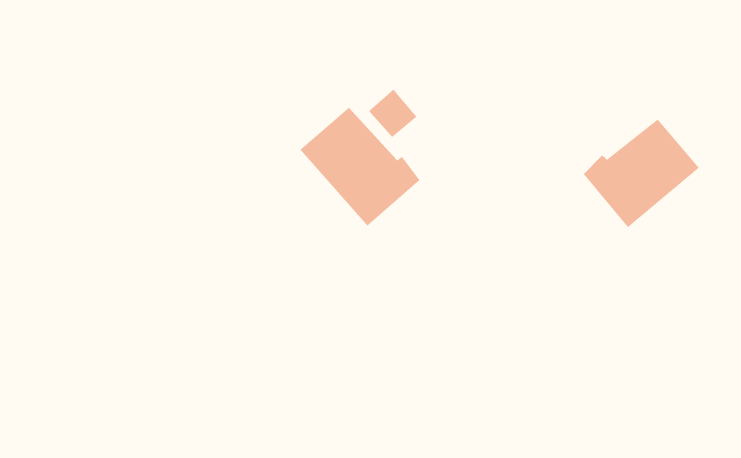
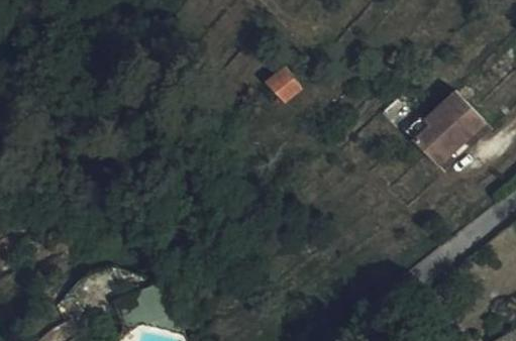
building: [300,107,420,227] -> none

